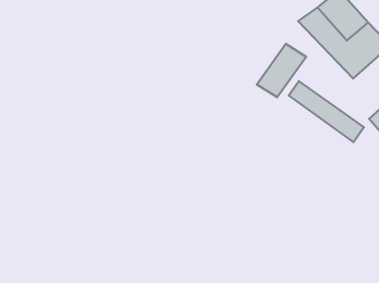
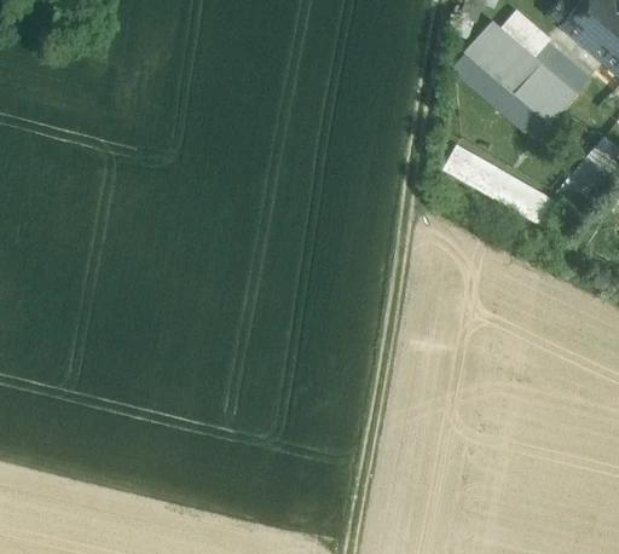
building: [257,44,306,97] -> none

